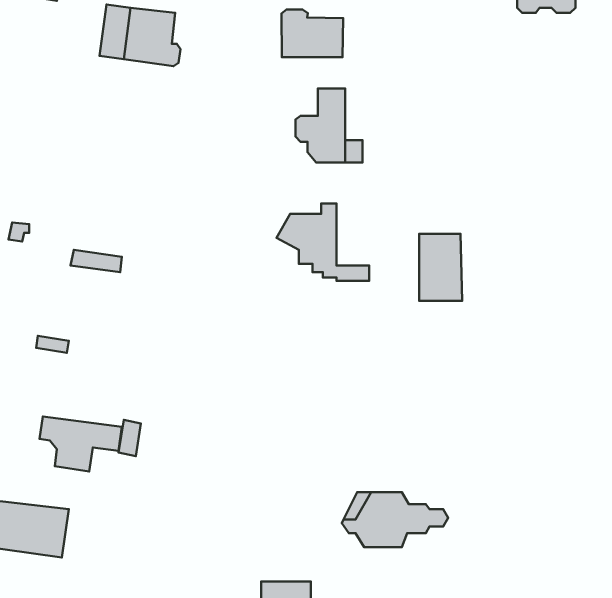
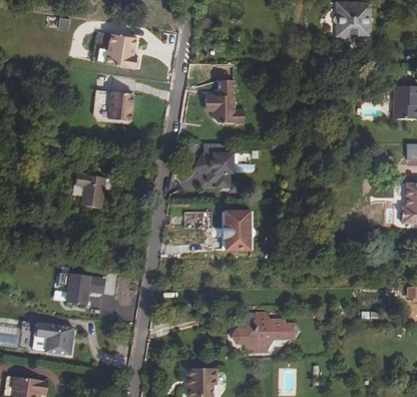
building: [282,9,343,57] -> none
building: none -> [95,90,134,121]
building: [419,234,462,301] -> [226,211,251,250]
building: none -> [75,183,104,209]

